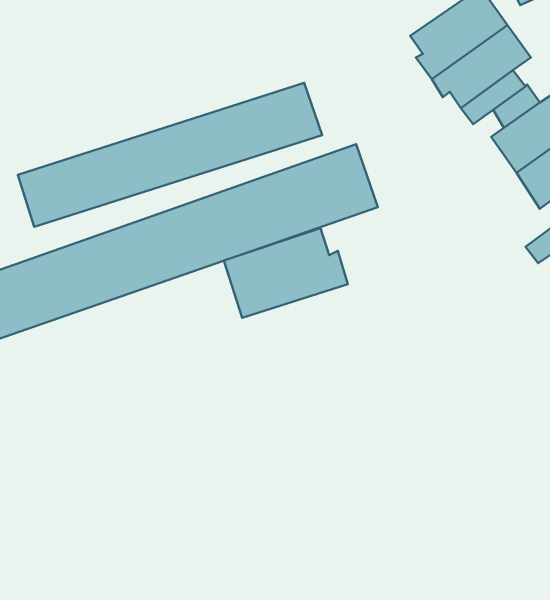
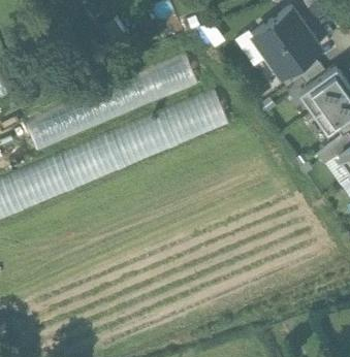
building: [224,228,348,318] -> none

